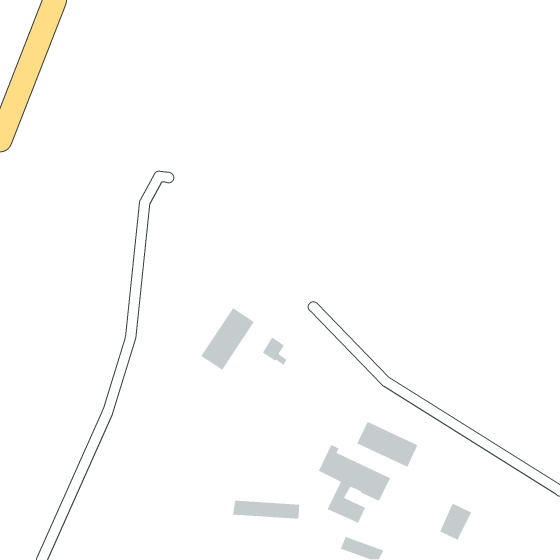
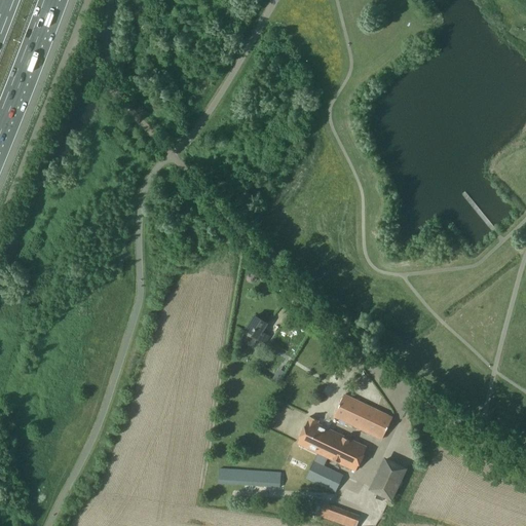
building: [200,307,255,371] -> none
building: [439,502,472,541] -> [373,460,404,496]

